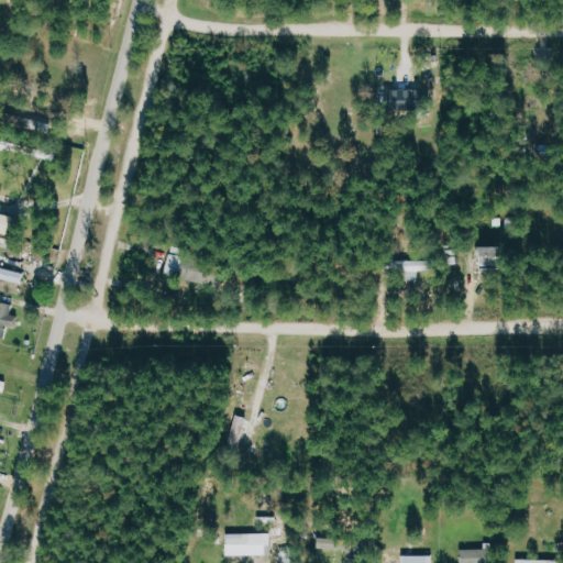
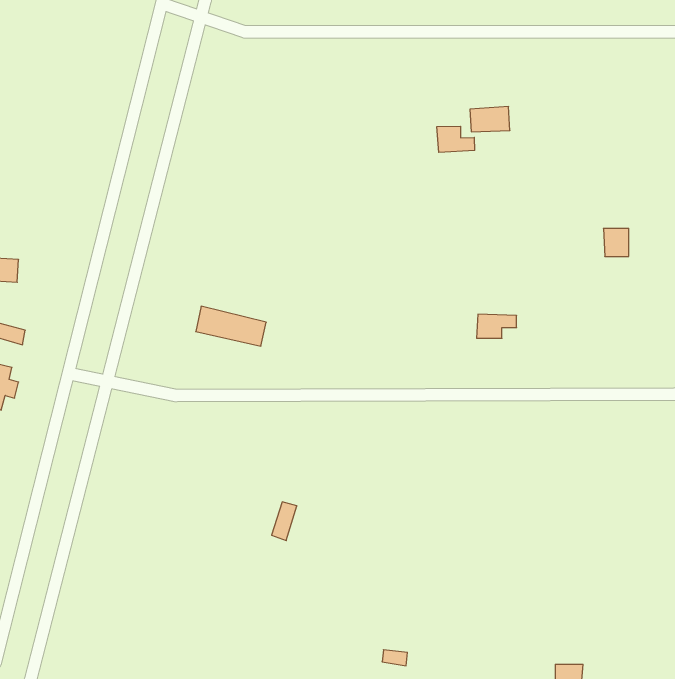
building: none -> [437,126,475,152]
building: [481,246,501,269] -> [603,228,629,256]
building: [224,534,268,556] -> none

